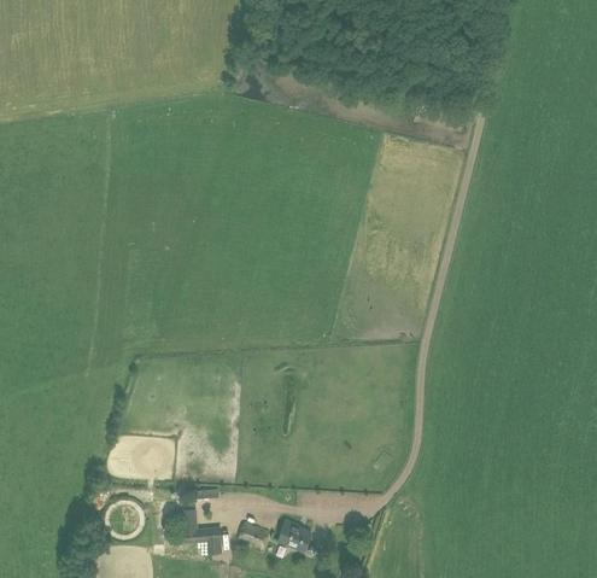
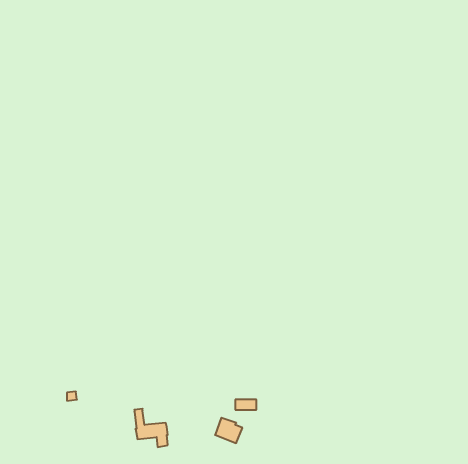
building: [238,521,269,548] -> none

